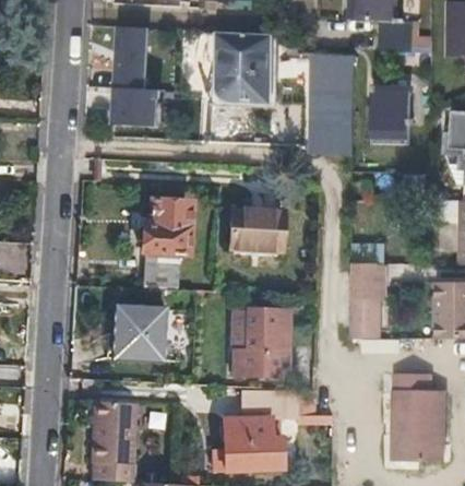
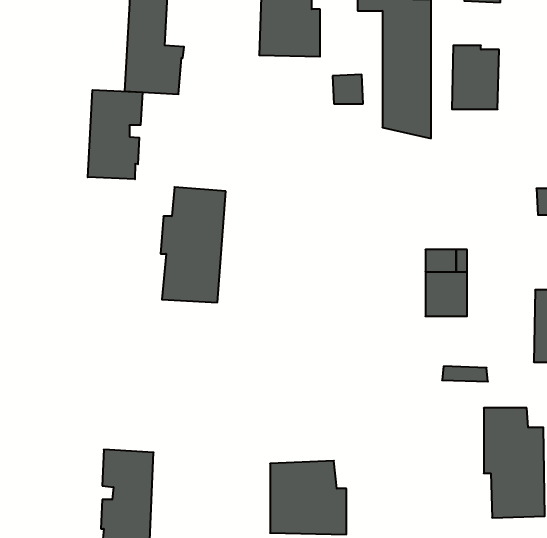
building: none -> [88,90,143,179]
building: [231,210,284,250] -> none
building: [348,300,375,336] -> none
building: [111,307,166,361] -> none
building: [231,311,291,379] -> none

